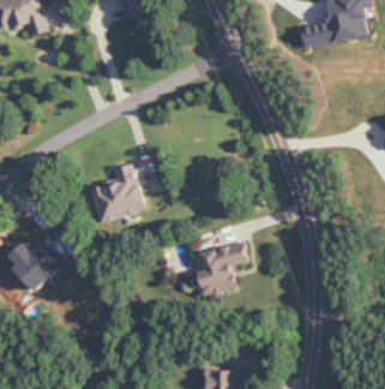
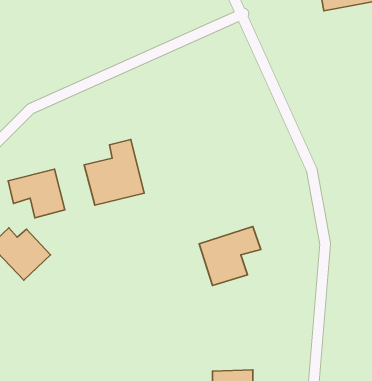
building: none -> [8,169,65,218]

